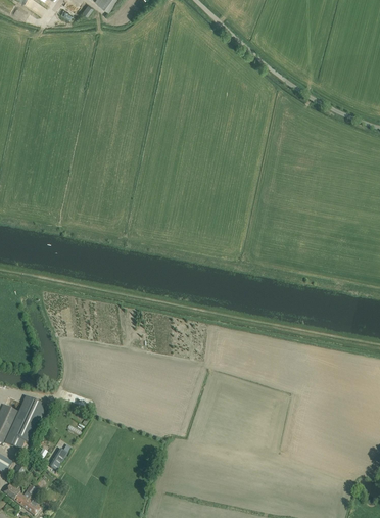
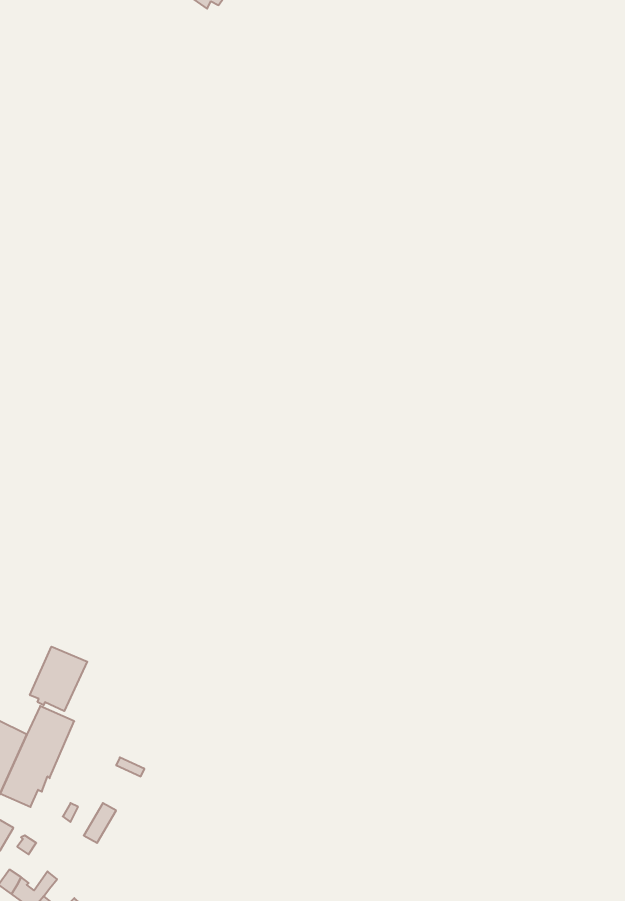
building: none -> [30,647,87,711]

